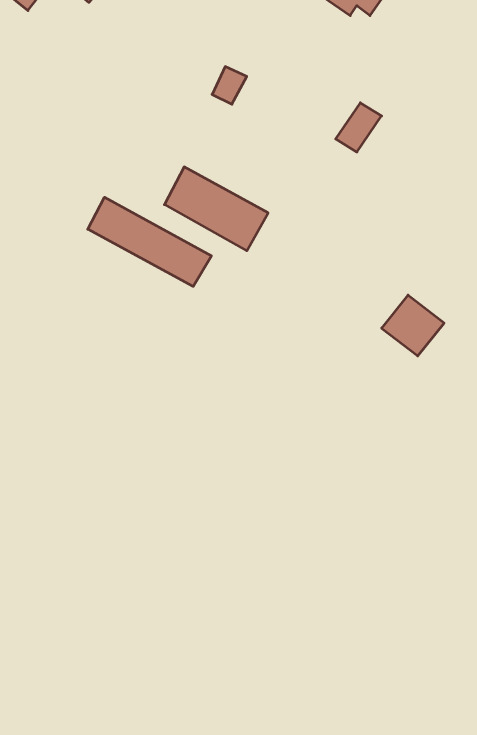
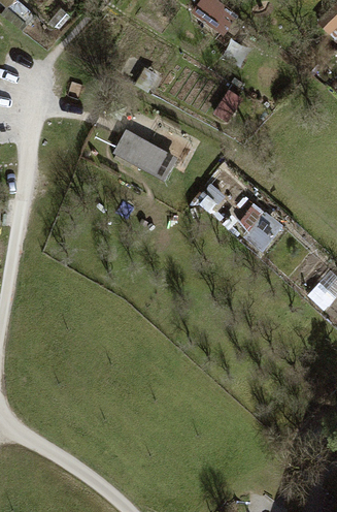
building: [88,197,211,286] -> none

